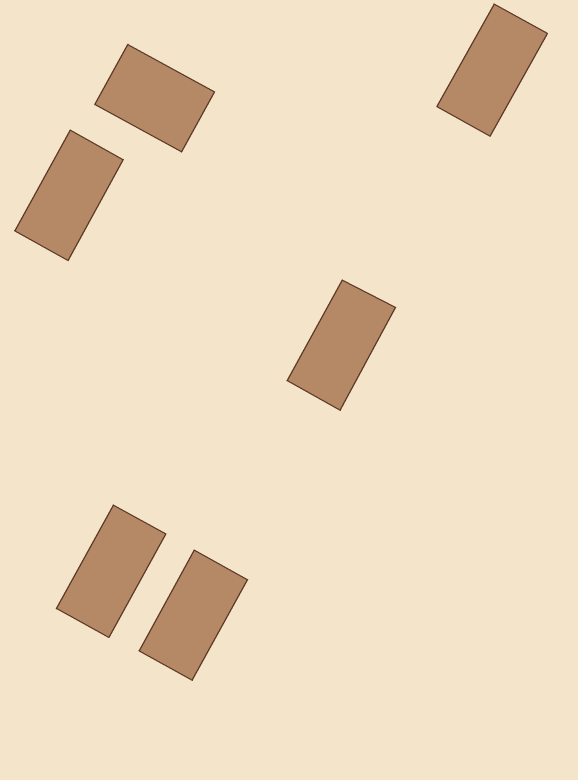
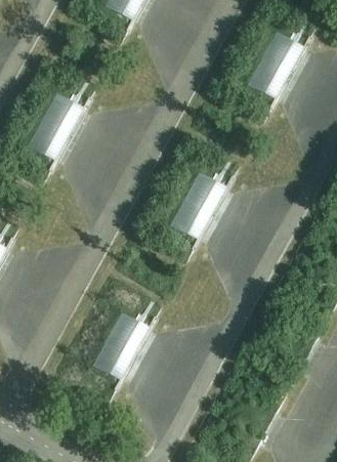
building: [95,44,214,152] -> none
building: [56,505,166,637] -> none

